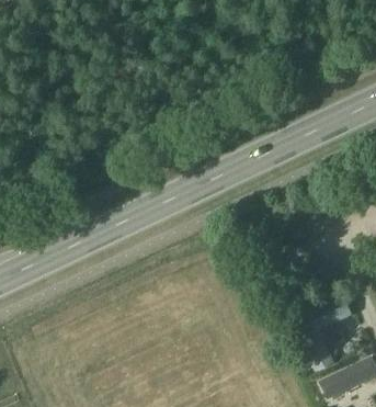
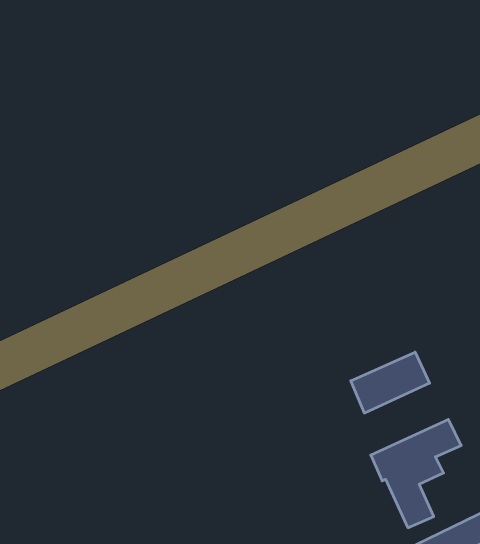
building: none -> [351,352,430,413]

